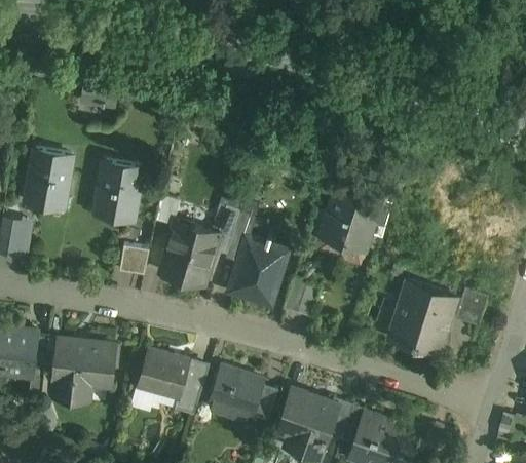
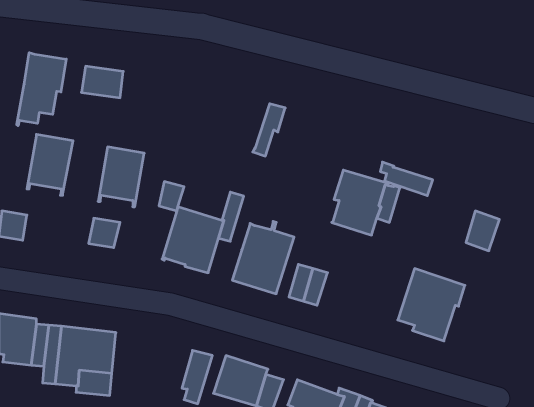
building: none -> [17,53,66,126]
building: [225,210,257,262] -> [253,104,285,156]
building: [313,230,365,263] -> [380,162,433,196]
building: [119,244,150,273] -> [89,218,120,248]
building: [455,286,488,325] -> [466,211,499,251]
building: [138,349,189,397] -> none

